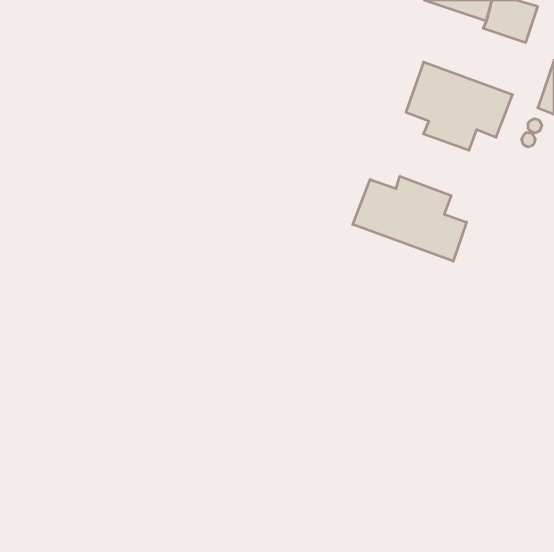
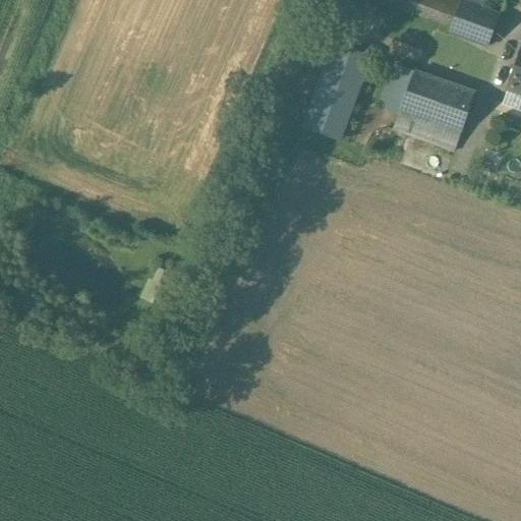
building: none -> [306,45,369,137]
building: [353,176,467,261] -> none

